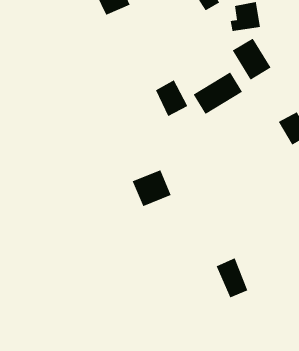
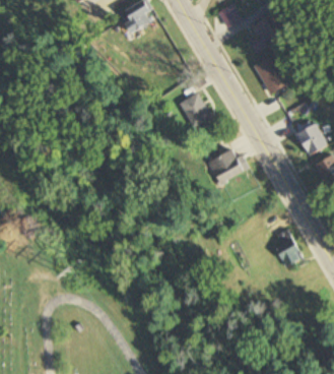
building: [193,72,243,115] -> none
building: [132,169,171,207] -> [207,150,245,186]
building: [216,258,248,298] -> [271,229,302,267]

